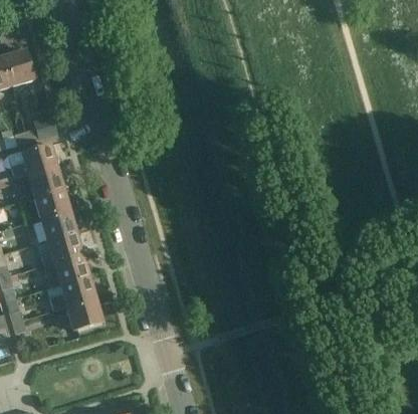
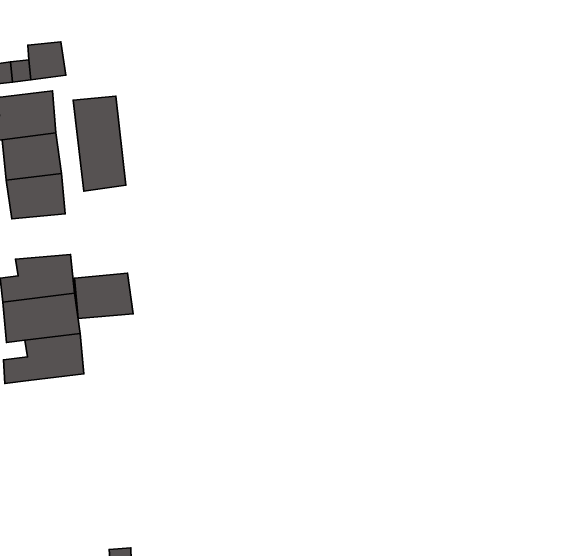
building: none -> [73,96,126,191]
building: [41,210,77,240] -> [74,273,133,319]
building: [66,297,103,330] -> none

